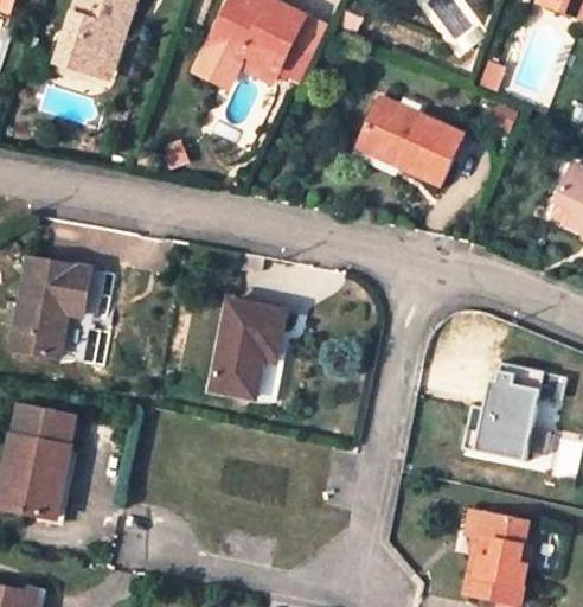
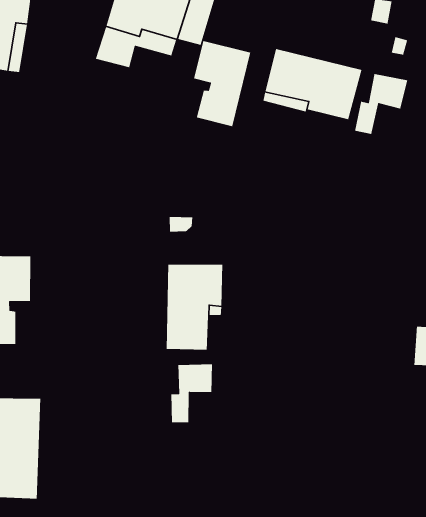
building: none -> [193,40,251,127]
building: none -> [354,73,408,135]
building: none -> [171,364,213,423]

